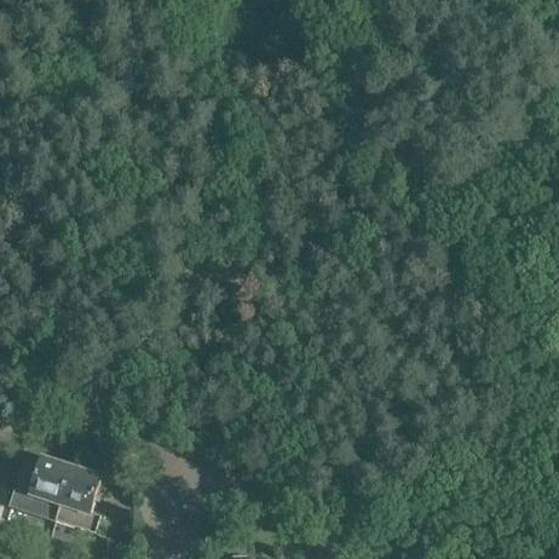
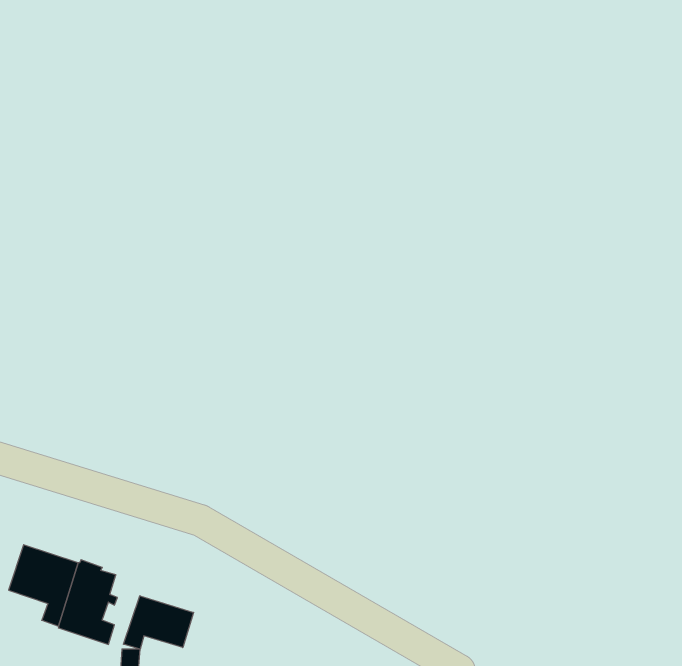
building: none -> [123,596,194,649]

